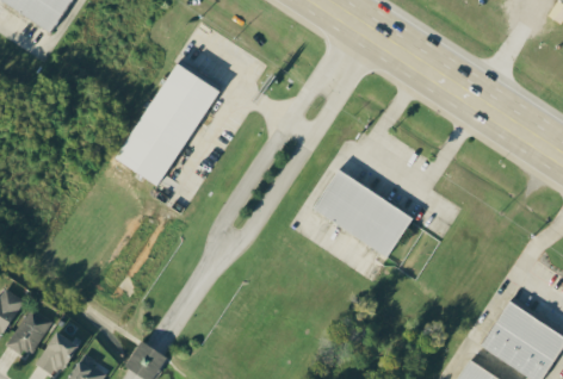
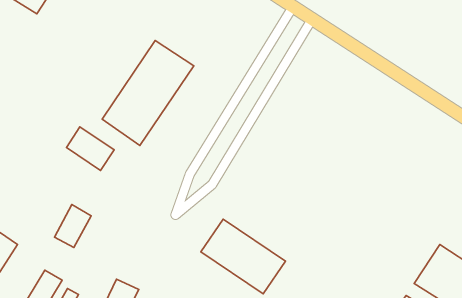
building: none -> [66,127,114,171]
building: [318,168,417,255] -> [201,219,286,294]
building: [7,306,50,356] -> [55,204,91,247]

